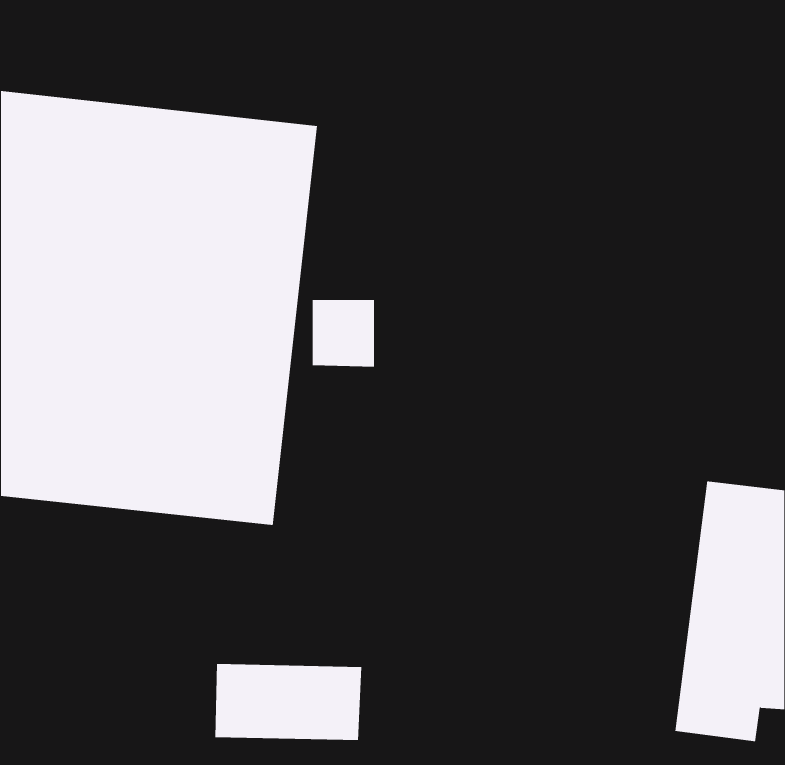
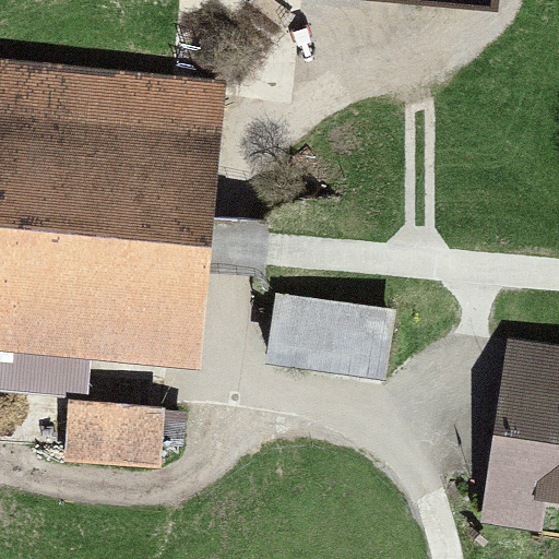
building: none -> [263,286,389,377]
building: [215,664,362,740] -> [60,407,165,462]

